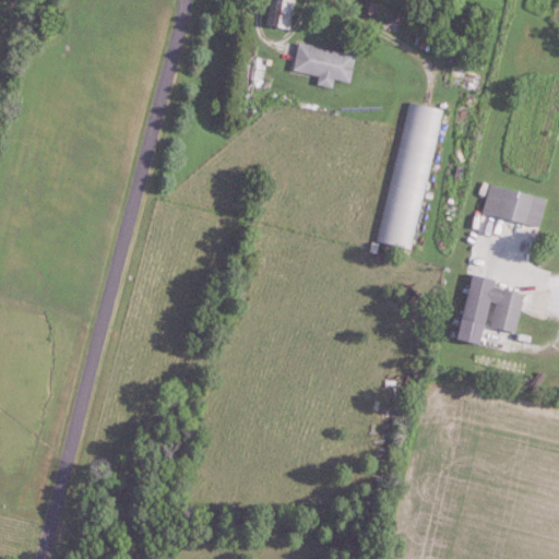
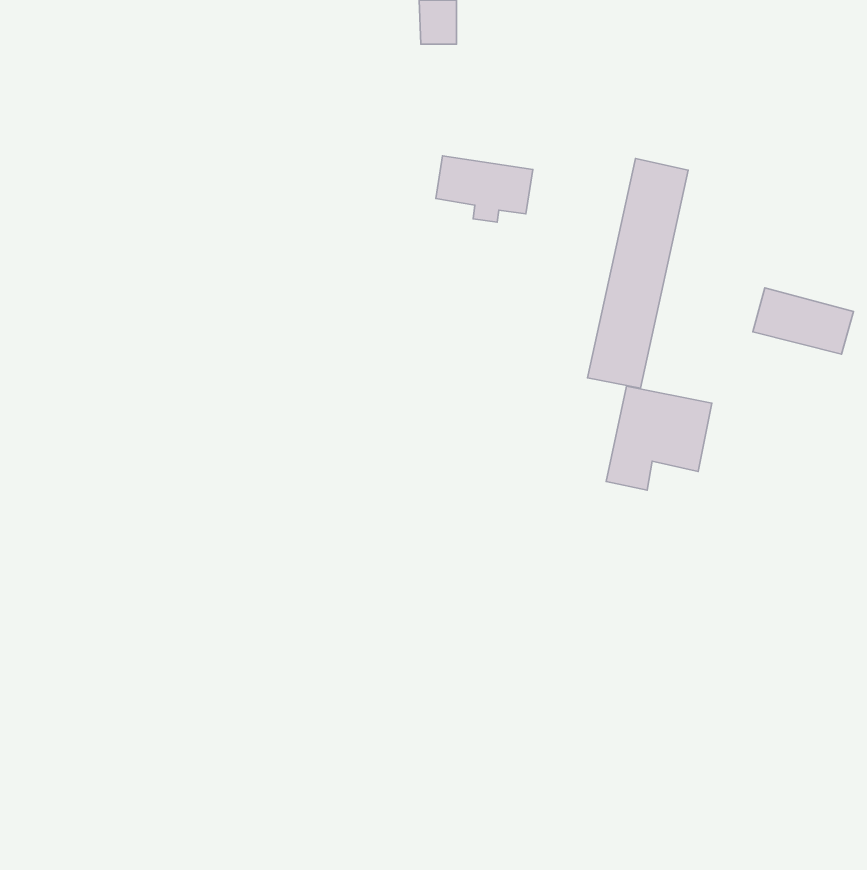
building: [294,45,356,87] -> [436,156,533,222]
building: [459,277,526,344] -> [606,386,712,490]

